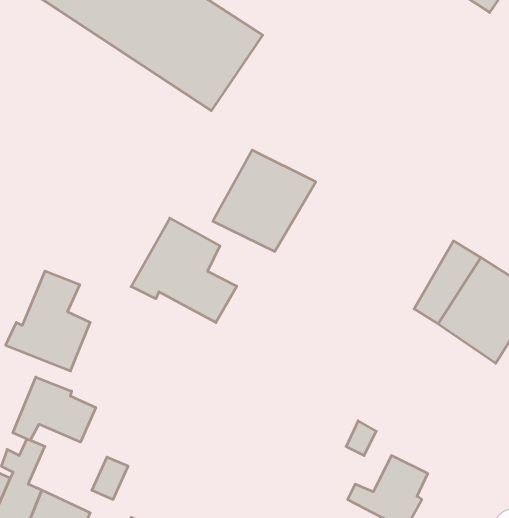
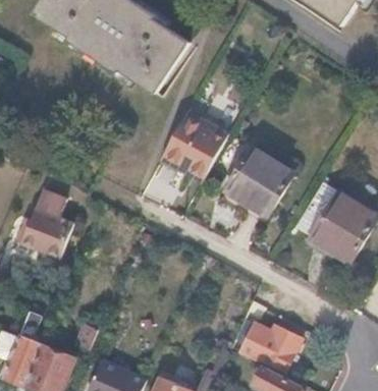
building: none -> [220,143,291,219]
building: [131,218,237,323] -> none
building: [13,377,96,442] -> none

